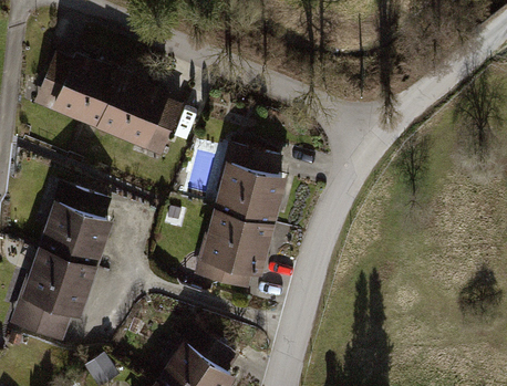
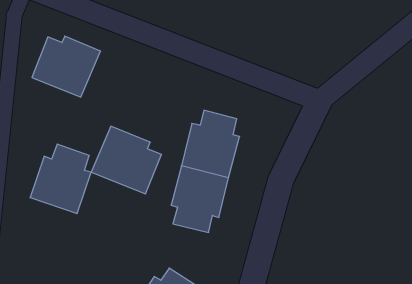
building: [96,73,179,153] -> [91,126,162,194]
building: [12,246,92,337] -> none

